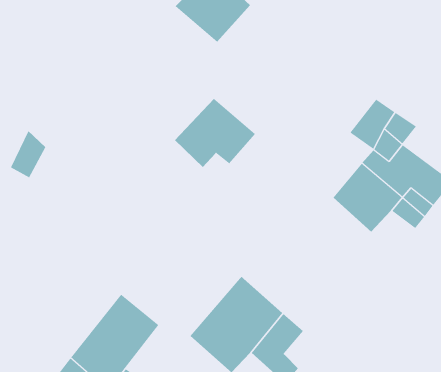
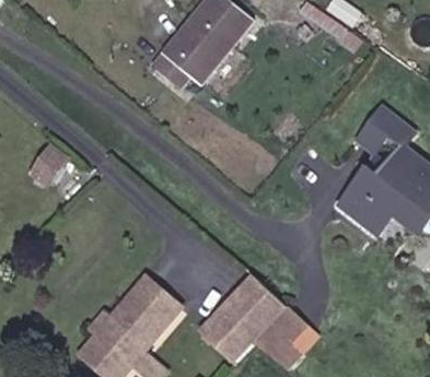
building: [174,98,256,168] -> [151,24,225,87]

